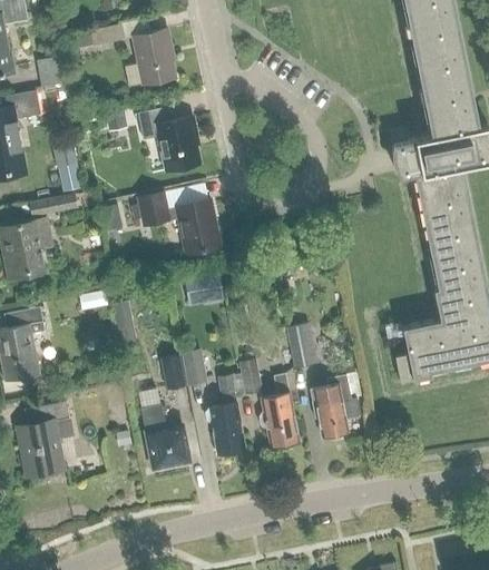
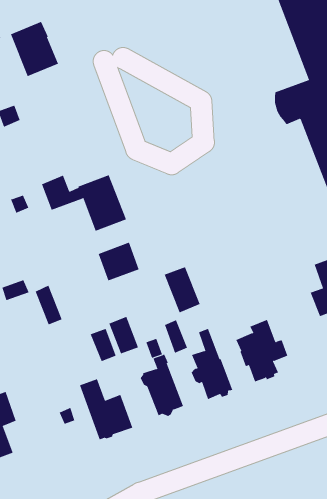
building: [139,106,202,169] -> none
building: [287,322,320,368] -> [164,267,201,313]

